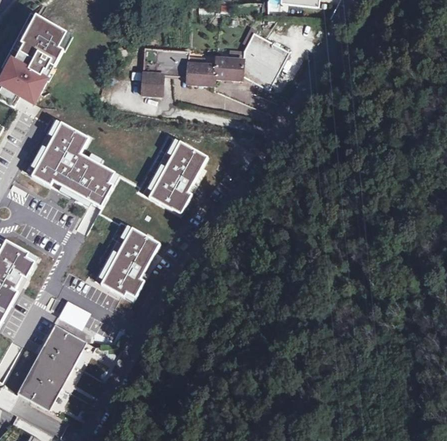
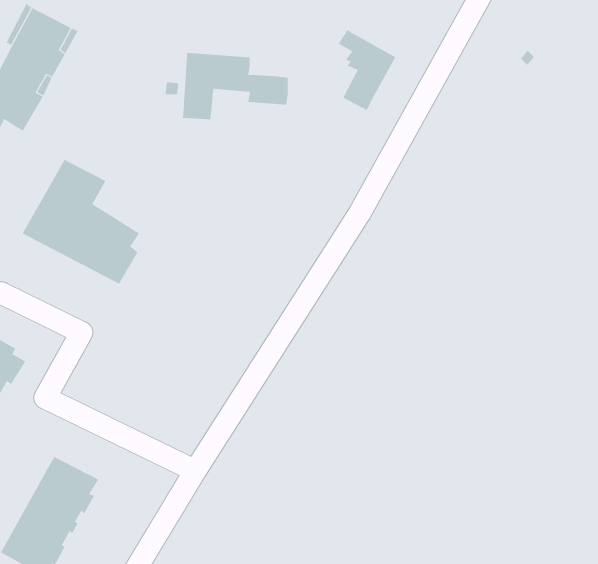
building: [214,43,261,80] -> none
building: [144,138,209,211] -> none
building: [94,225,159,296] -> none
building: [57,300,89,329] -> none

